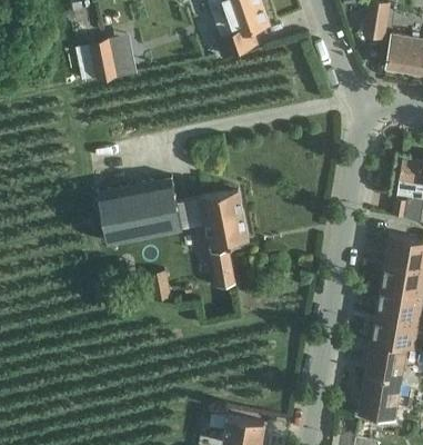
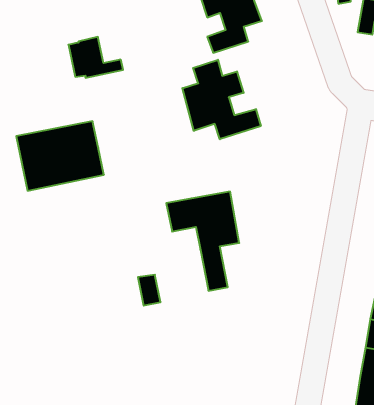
building: none -> [182,60,261,139]
building: [97,178,182,246] -> [16,121,104,191]

